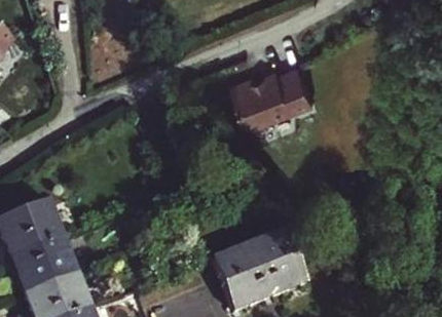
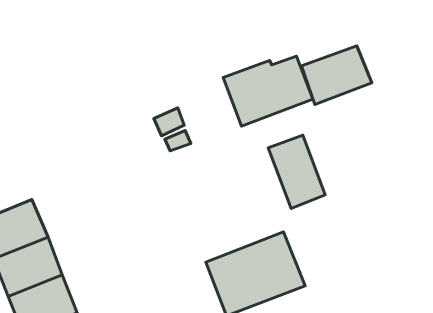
building: none -> [302,46,372,104]
building: none -> [268,135,325,208]

